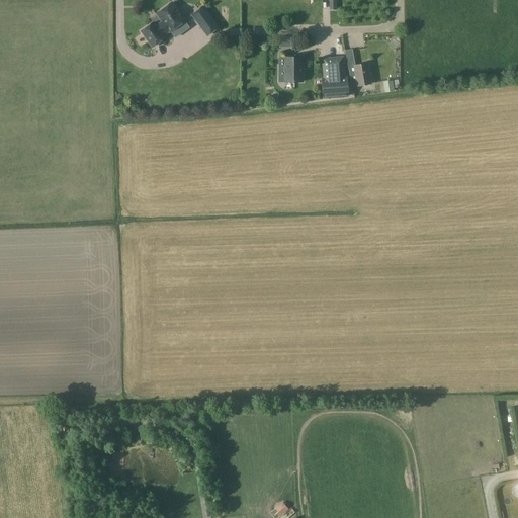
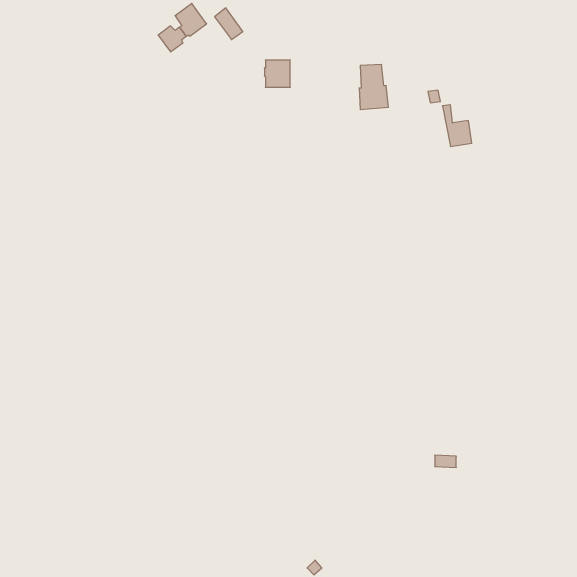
building: [345,50,371,87] -> [442,105,472,147]
building: [279,58,303,82] -> [264,60,290,87]

